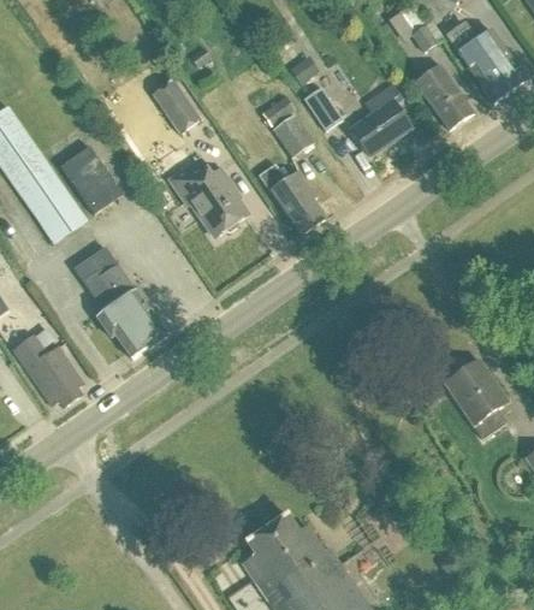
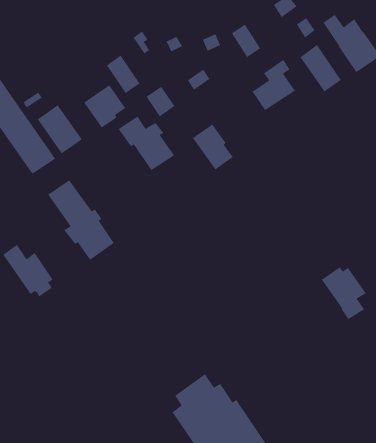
building: [303,84,344,131] -> [231,24,261,58]
building: [273,113,314,156] -> [145,86,176,118]
building: none -> [83,84,126,128]

